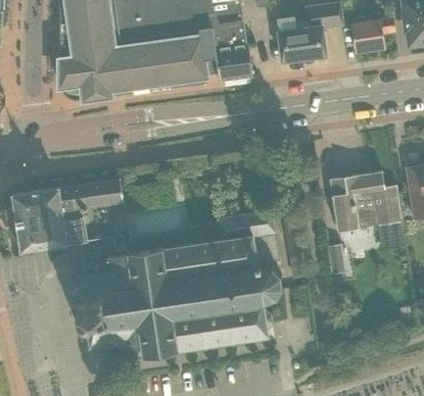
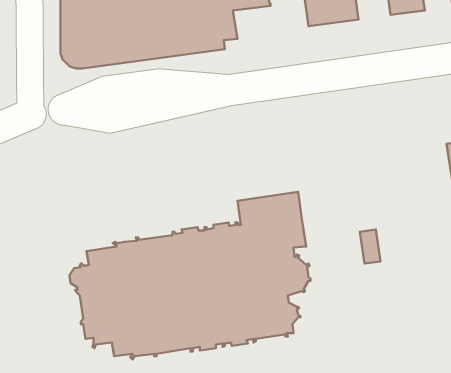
building: [214,44,252,81] -> none
building: [329,170,402,231] -> none
building: [12,179,123,263] -> none

